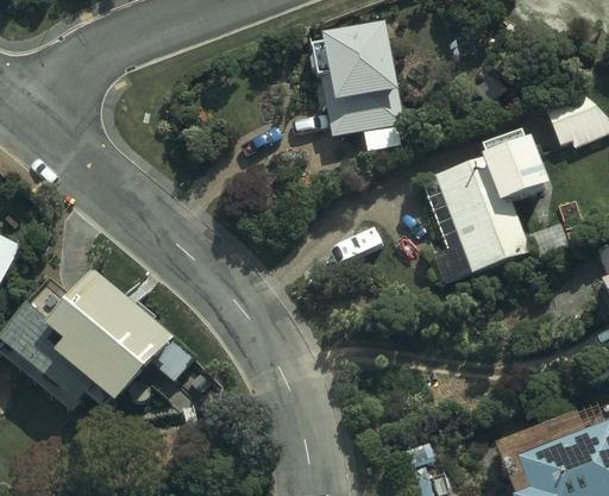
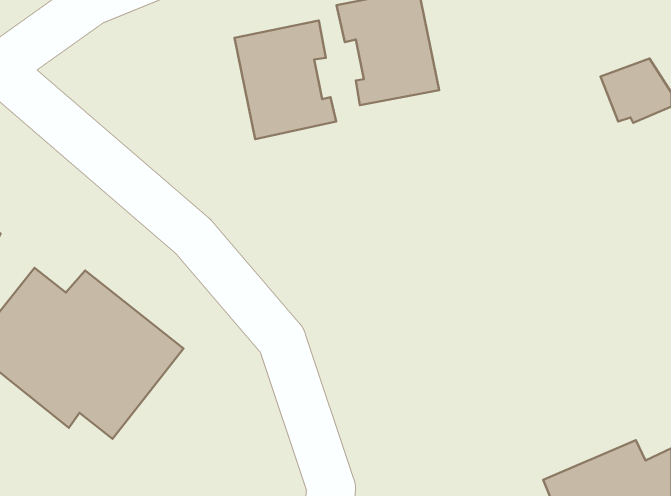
building: none -> [235,20,336,139]
building: [431,140,550,271] -> none

